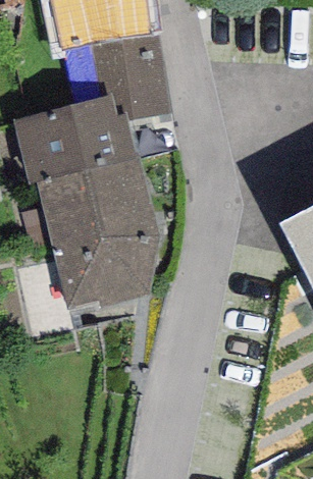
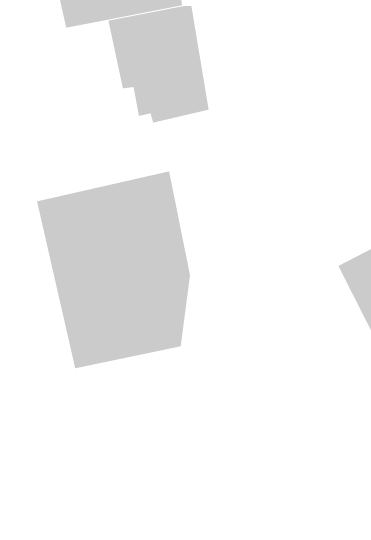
building: [15,90,142,178] -> none

